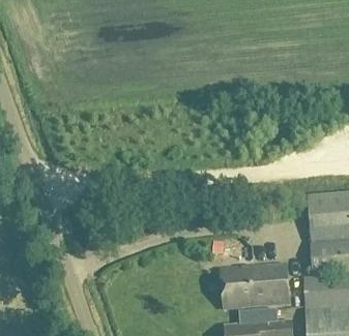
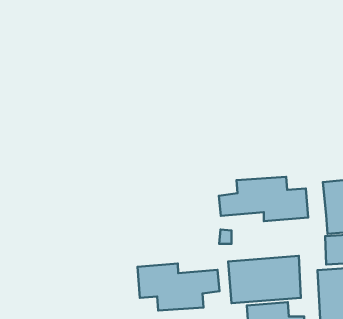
building: none -> [219,177,308,221]
building: none -> [137,263,220,311]

